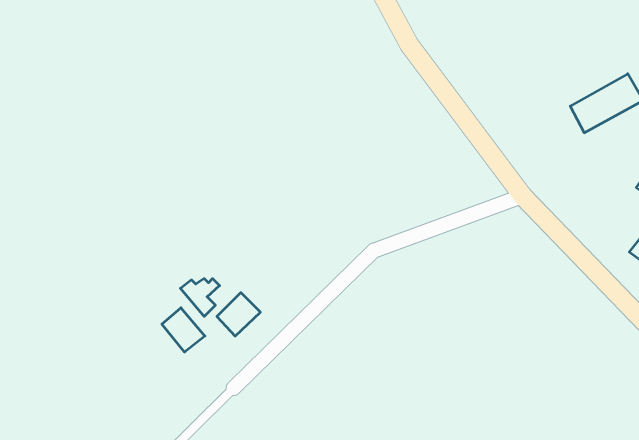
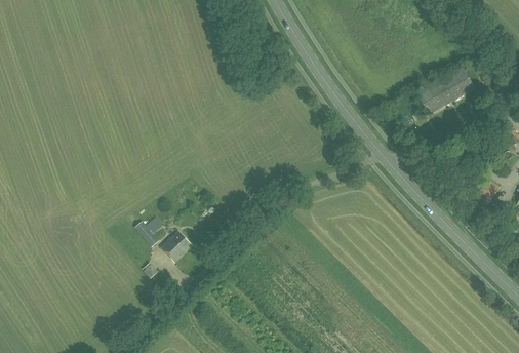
building: [162,308,205,352] -> none

